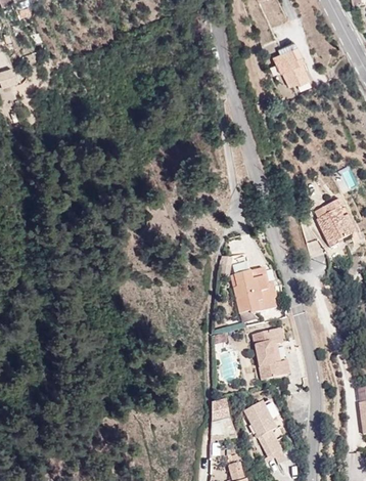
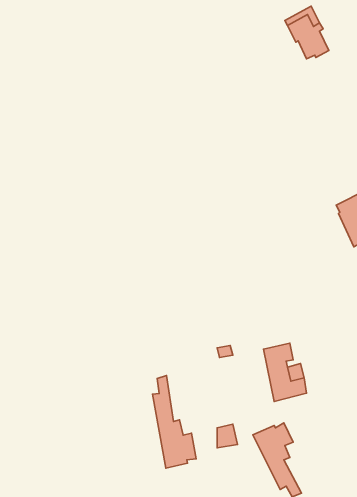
building: [233,257,277,314] -> none
building: none -> [153,376,196,468]

